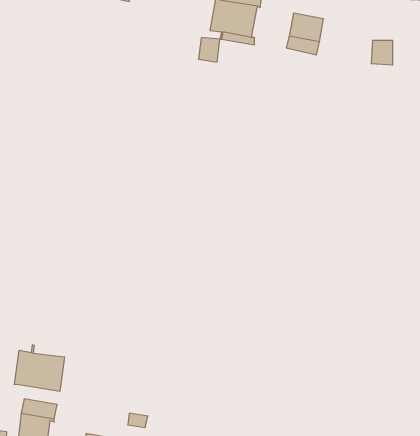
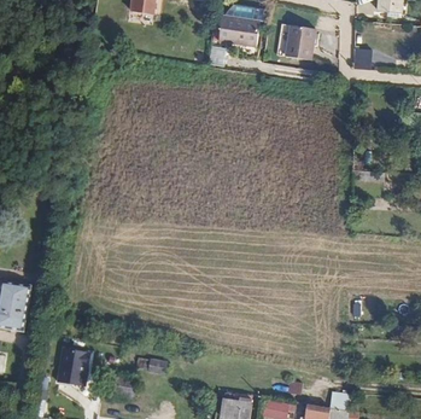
building: [14,345,65,391] -> none

